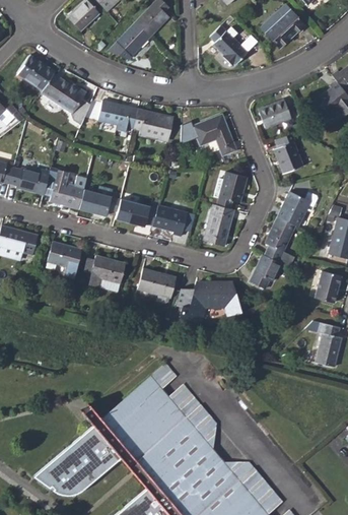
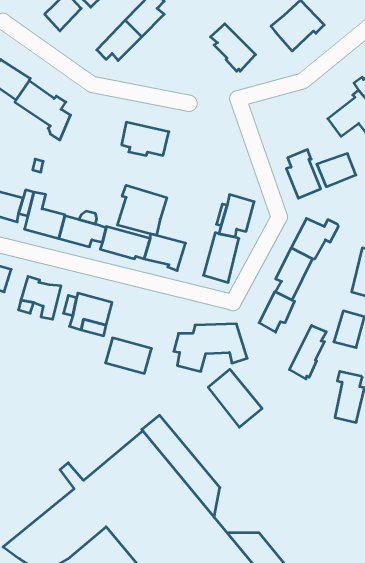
building: [97,101,137,132] -> none
building: [258,101,291,129] -> [317,154,356,187]
building: [193,117,235,155] -> none
building: none -> [117,185,167,235]
building: [137,268,177,299] -> [105,338,152,373]
building: none -> [289,325,326,379]
building: none -> [208,369,262,427]

